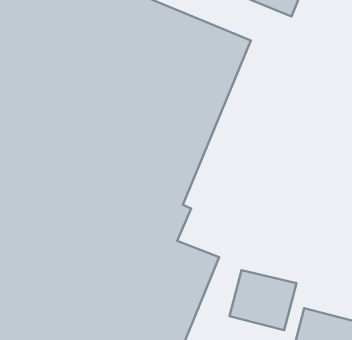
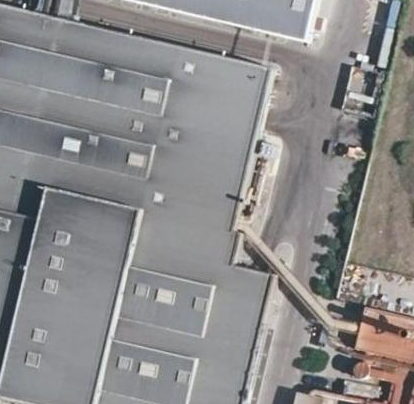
building: [230,270,296,330] -> none

